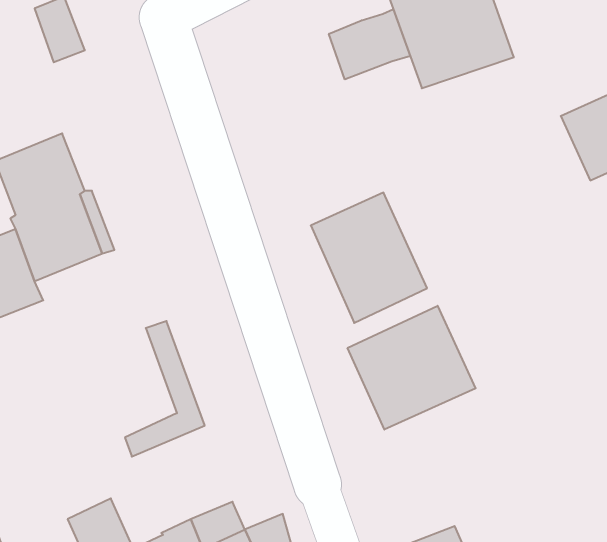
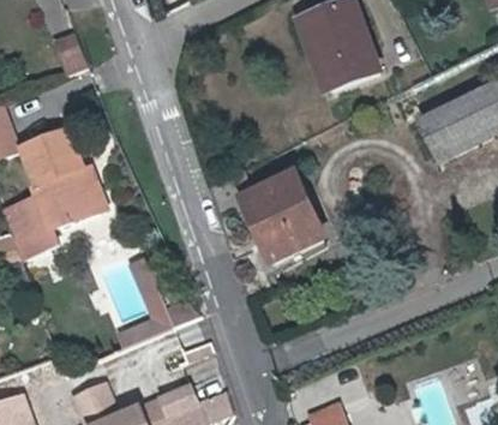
building: [329,9,410,79] -> none
building: [348,306,476,430] -> none

